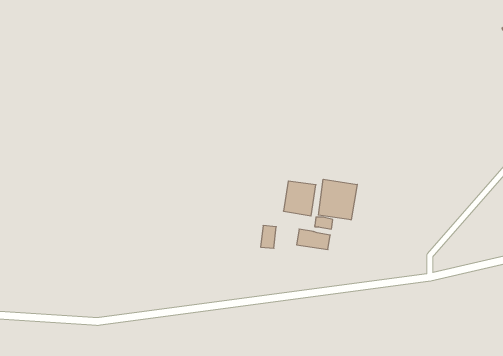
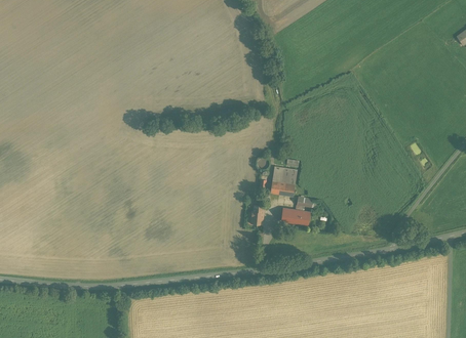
building: [318,179,357,220] -> none

